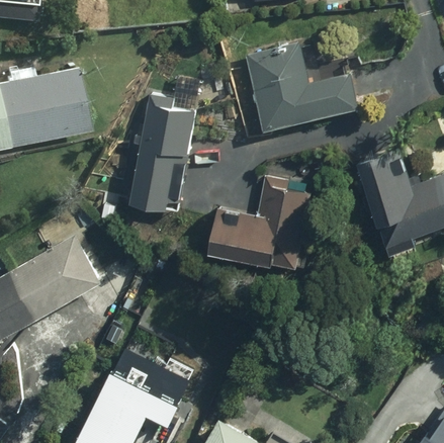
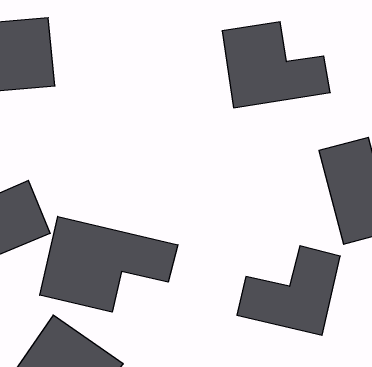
building: [130,83,197,209] -> none
building: [208,179,303,265] -> [237,246,340,335]
building: none -> [40,216,178,312]

